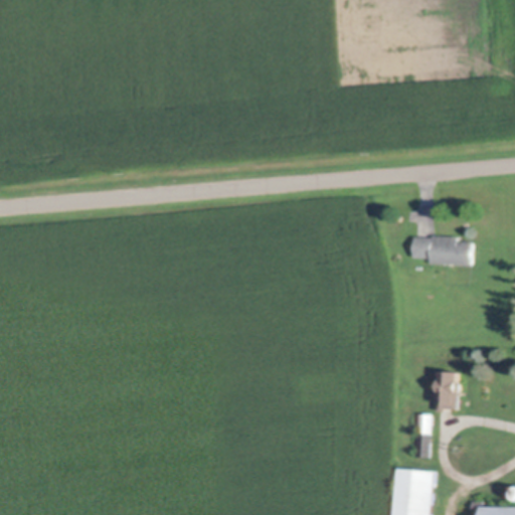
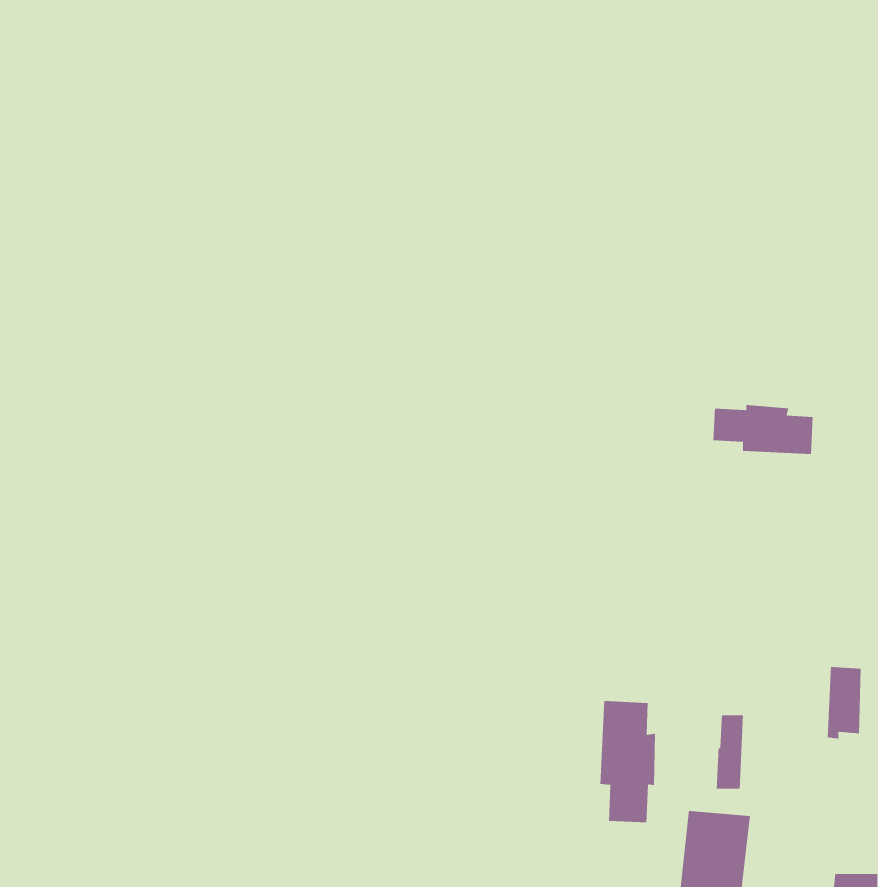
building: [437,369,457,411] -> [827,666,862,740]
building: none -> [599,700,656,823]

